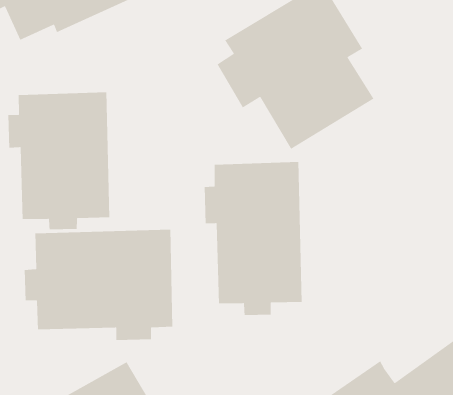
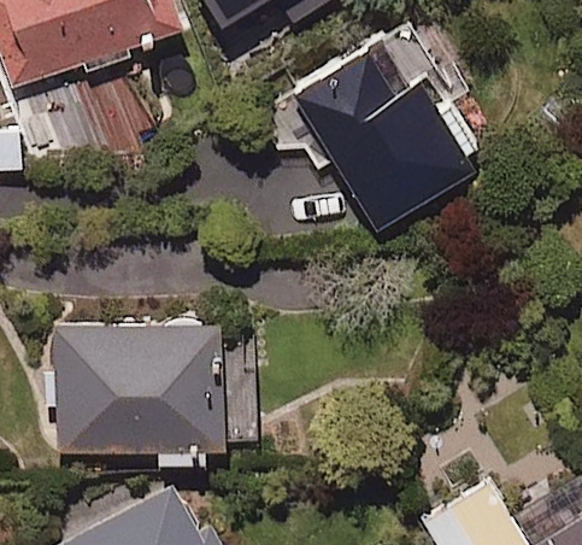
building: [8,92,110,230] -> none
building: [204,161,303,316] -> none

